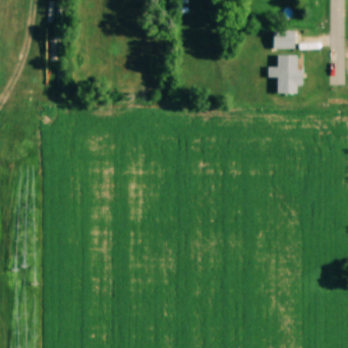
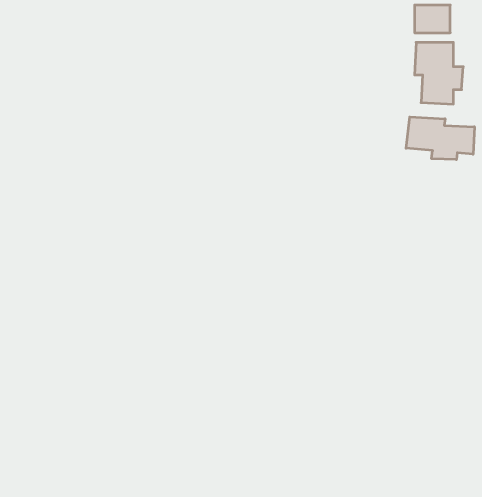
building: none -> [406,117,474,160]

